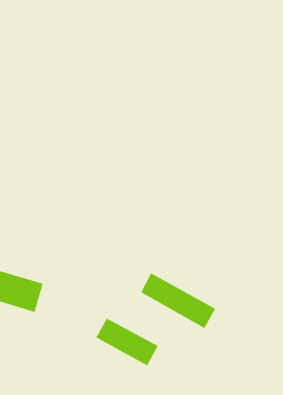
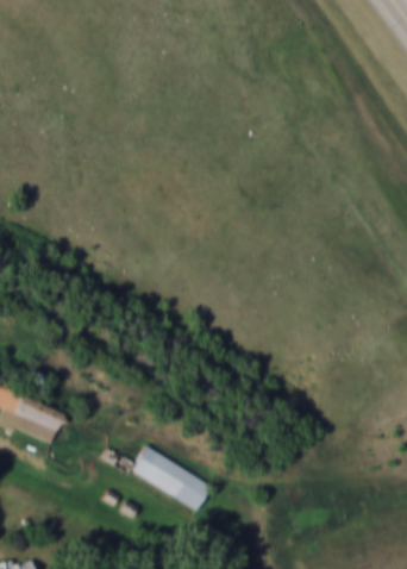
building: [140,273,216,329] -> none

